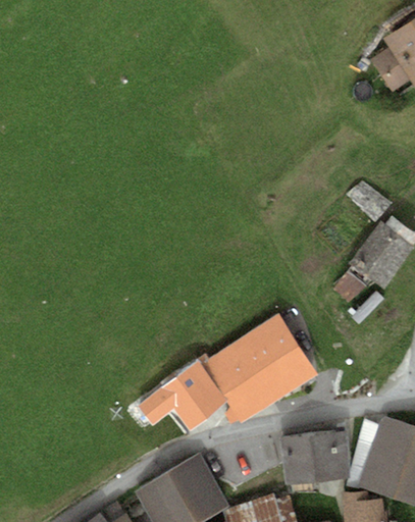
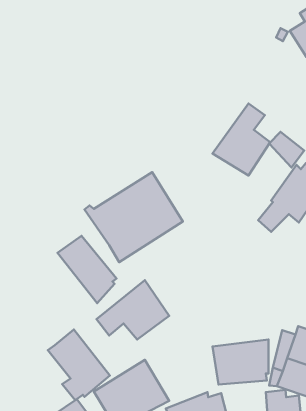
building: none -> [213,104,270,175]
building: none -> [57,236,117,303]
building: [198,314,316,422] -> [84,172,183,262]
building: none -> [48,330,110,400]

